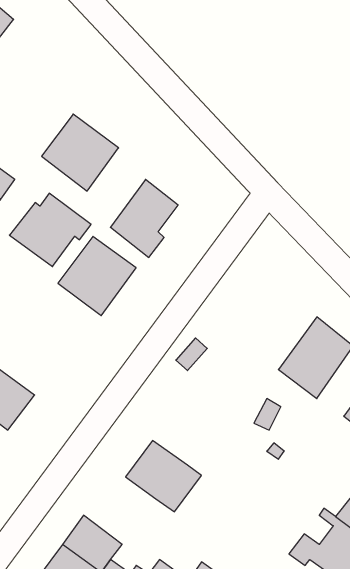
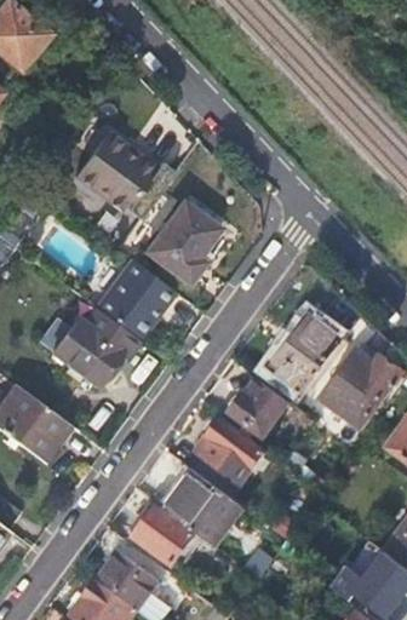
building: [9,193,91,267] -> [52,308,137,384]
building: none -> [265,312,343,395]
building: none -> [230,378,288,436]
building: none -> [191,419,263,496]
building: none -> [136,504,195,563]

